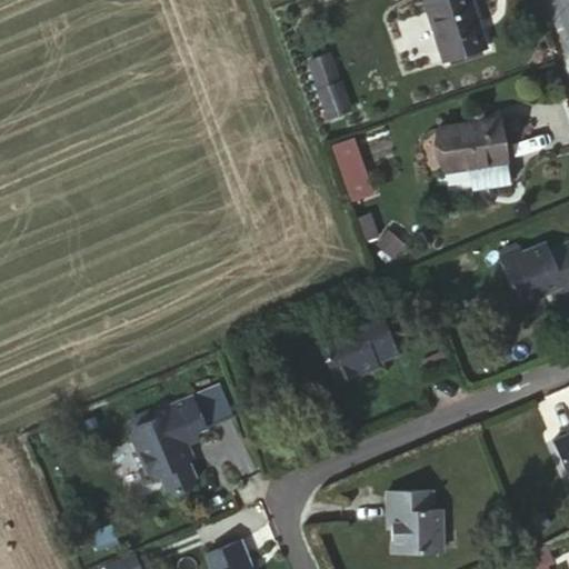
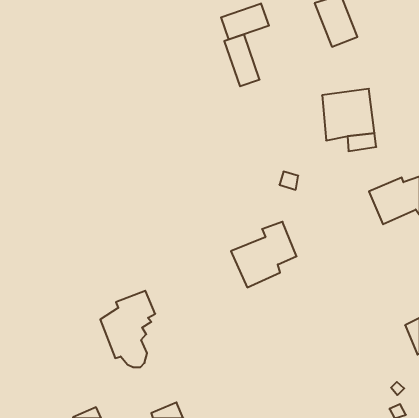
building: none -> [221,3,269,39]
building: [330,132,376,200] -> none
building: [385,487,447,552] -> none

